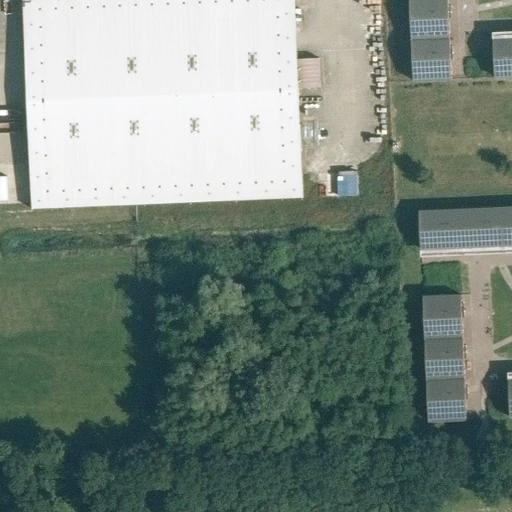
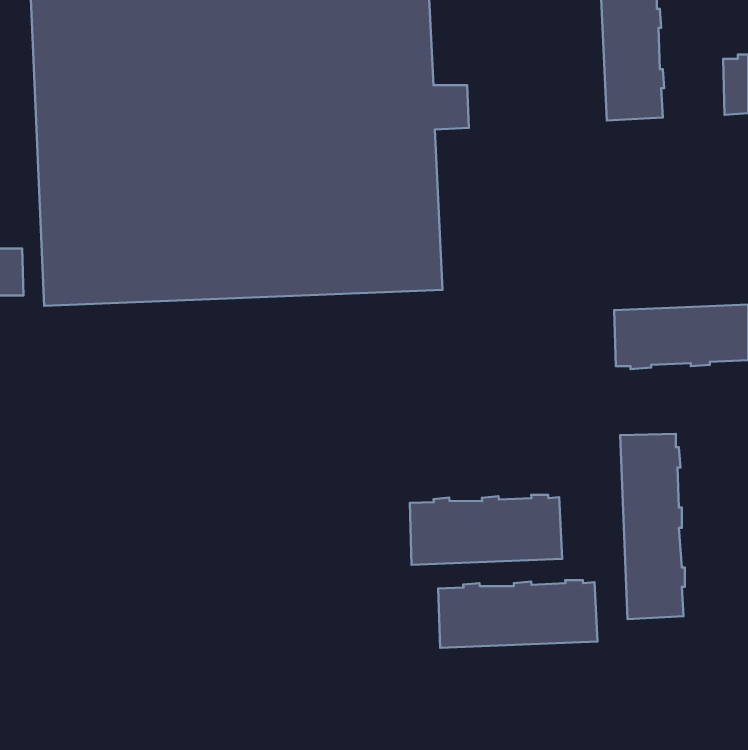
building: none -> [410,495,562,565]
building: none -> [438,580,597,648]

